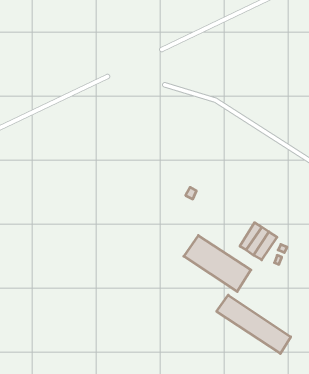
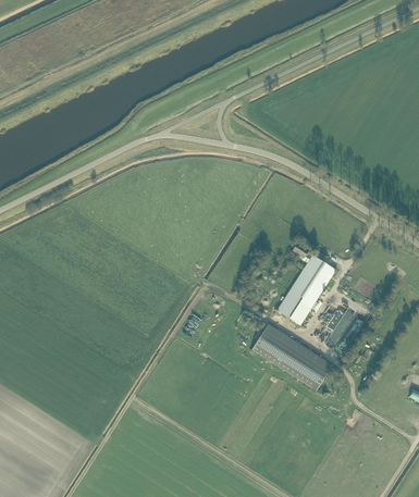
building: none -> [276,241,336,325]
building: [217,295,291,354] -> none

